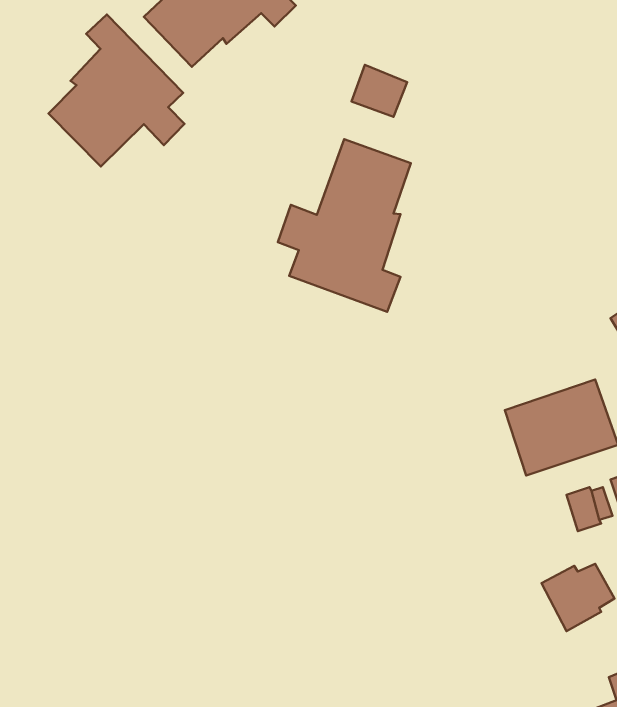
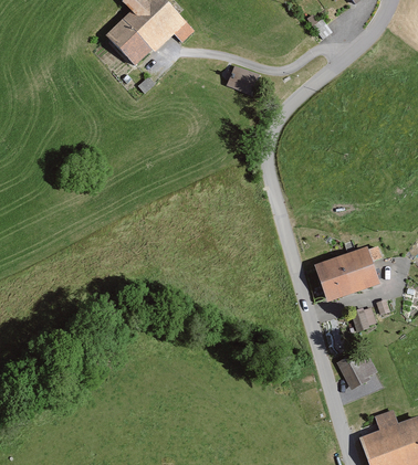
building: [49,14,184,167] -> none
building: [278,139,411,312] -> none

